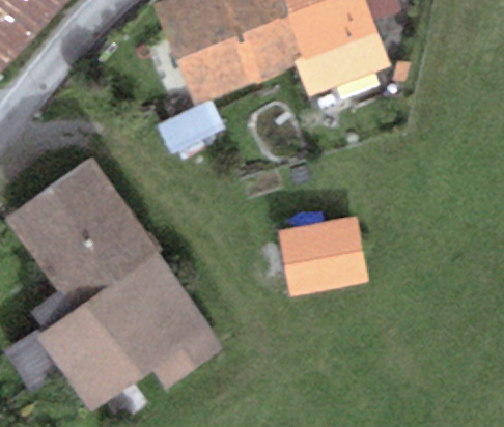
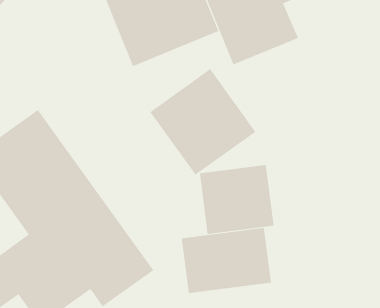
building: none -> [150,68,256,176]
building: none -> [181,227,272,294]

